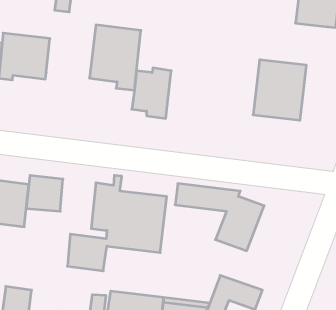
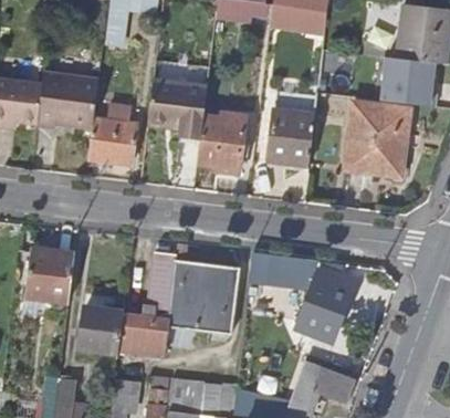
building: none -> [380,58,437,106]
building: none -> [88,105,136,166]
building: none -> [268,109,315,166]
building: [26,175,63,211] -> [80,309,124,352]

